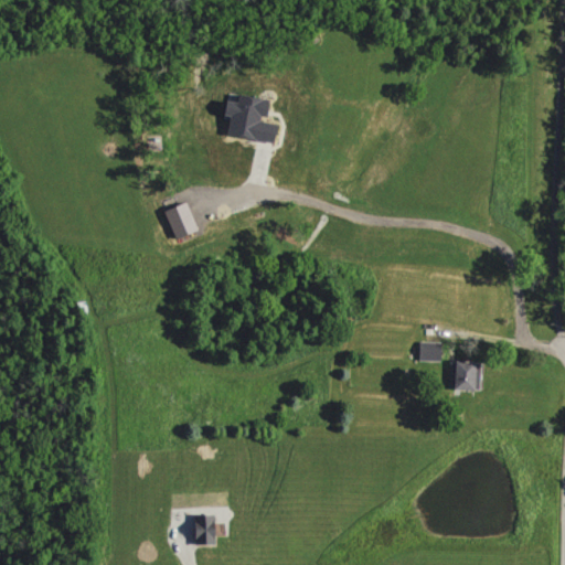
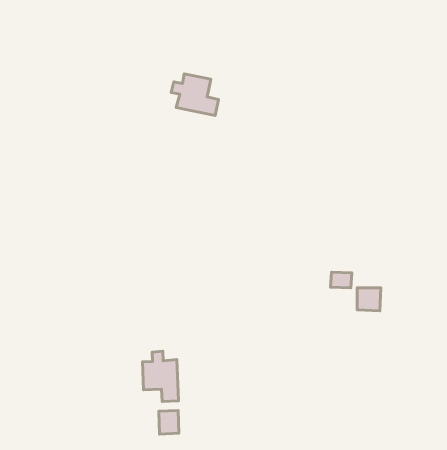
building: [166,203,196,239] -> none
building: none -> [142,351,179,402]

